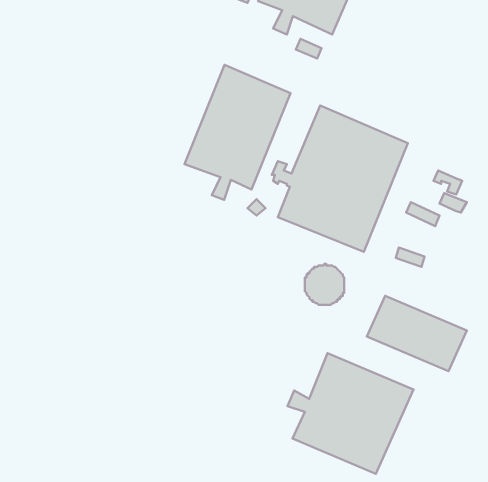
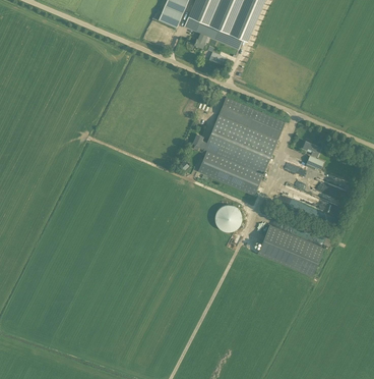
building: [185,65,290,200] -> none
building: [288,353,414,474] -> none

